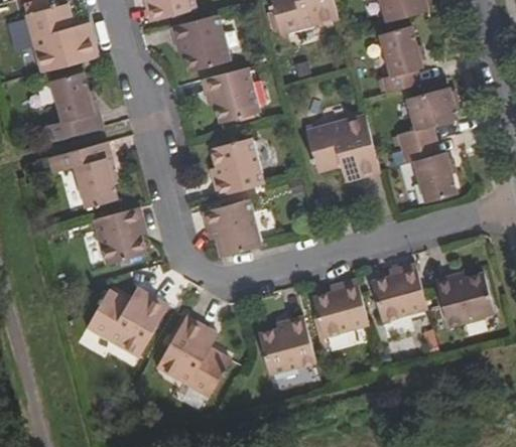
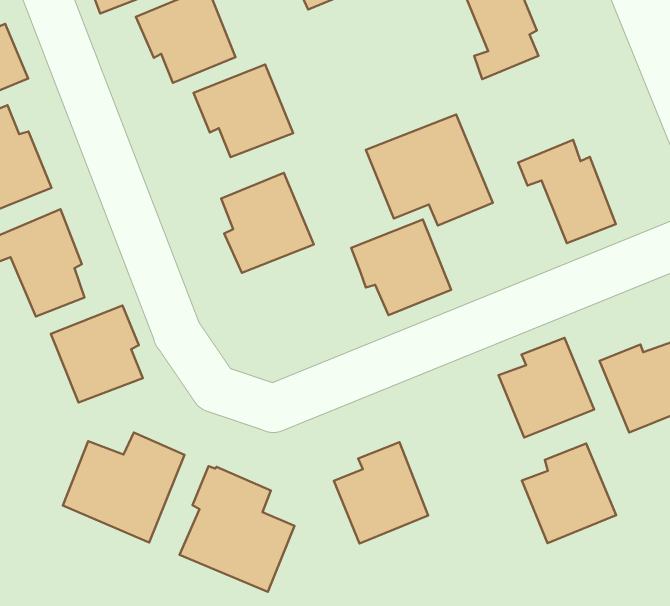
building: [396,87,457,148] -> none
building: [203,198,262,256] -> [351,219,451,315]
building: [312,278,369,337] -> [522,444,616,543]

